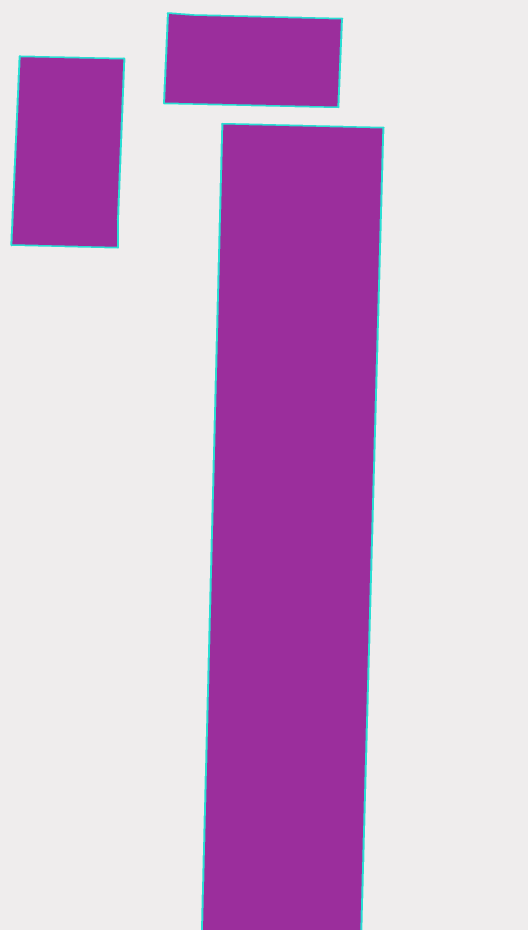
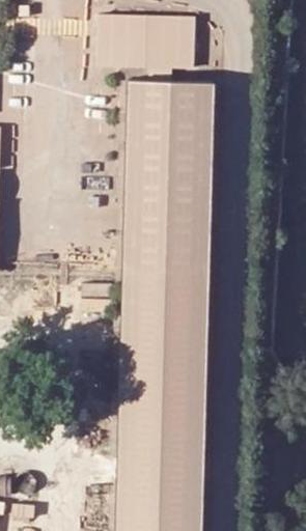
building: [12,56,124,248] -> none

